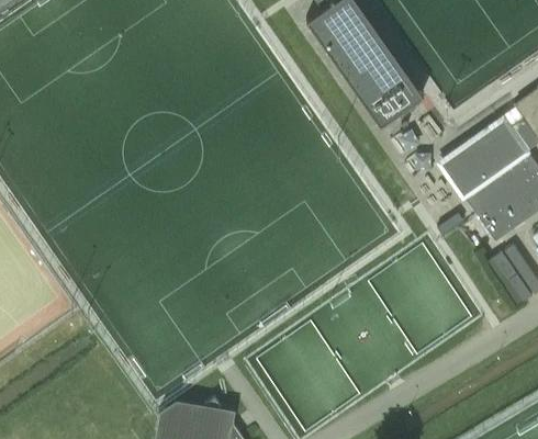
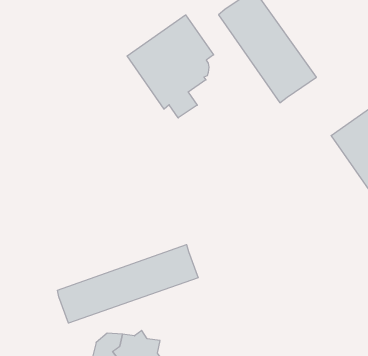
building: none -> [127,15,214,118]
building: none -> [58,245,198,323]

